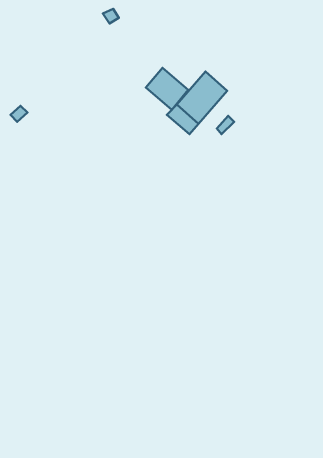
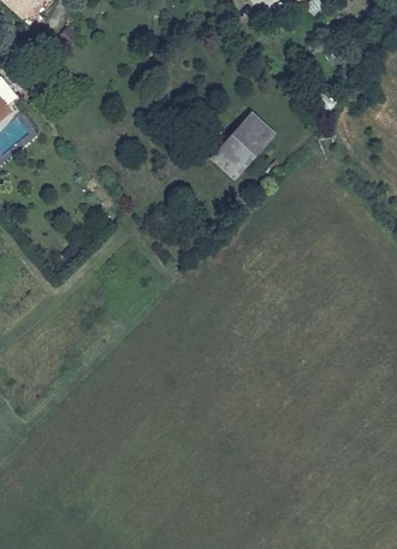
building: [146,68,188,110] -> none

